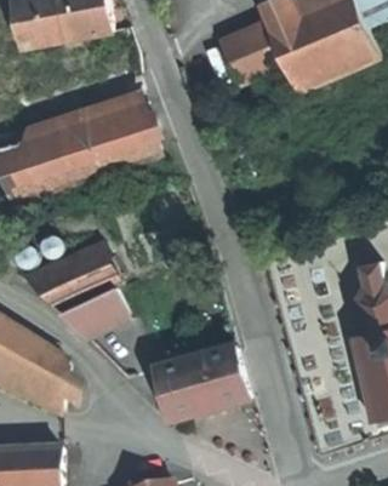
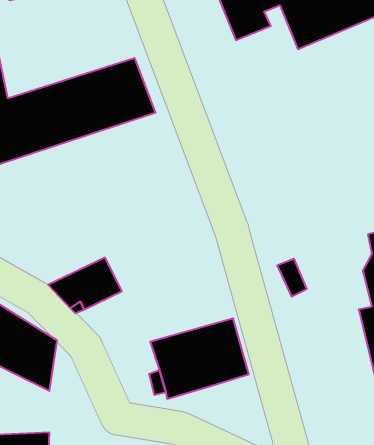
building: [23,239,119,310] -> none

